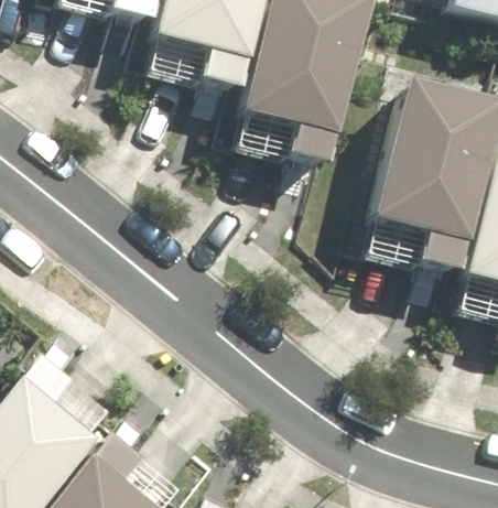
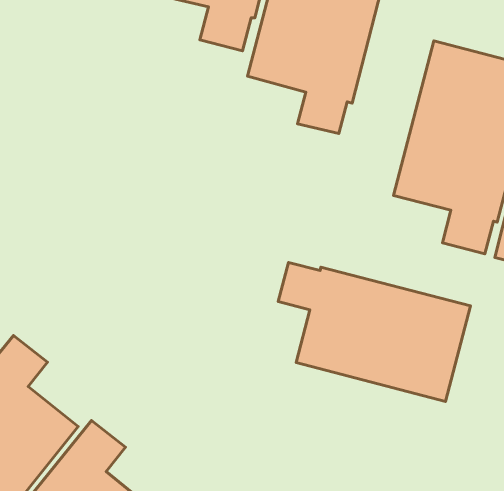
building: none -> [278,262,471,401]

